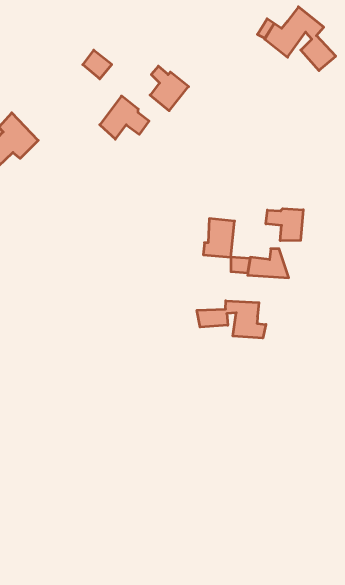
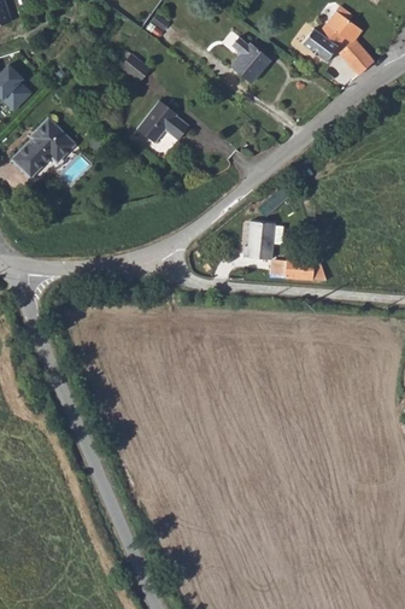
building: [150,66,189,111] -> [231,37,270,82]
building: [266,209,303,241] -> none
building: [197,301,266,338] -> none

